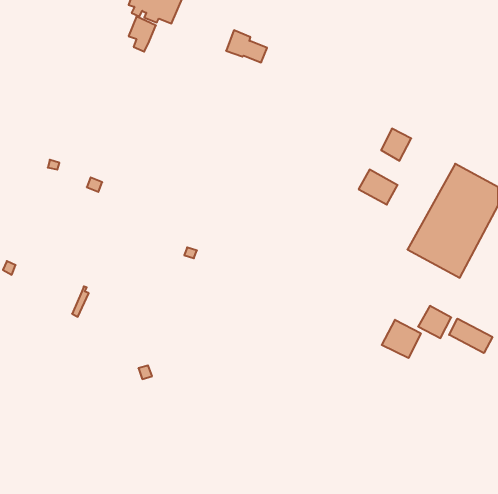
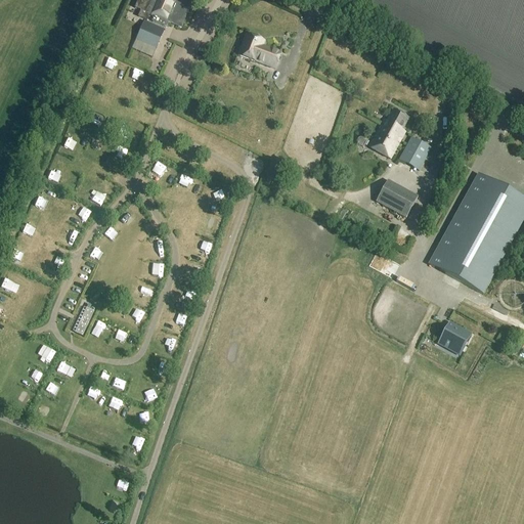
building: none -> [367,107,408,157]
building: [449,319,492,353] -> none
building: [382,320,421,358] -> none

